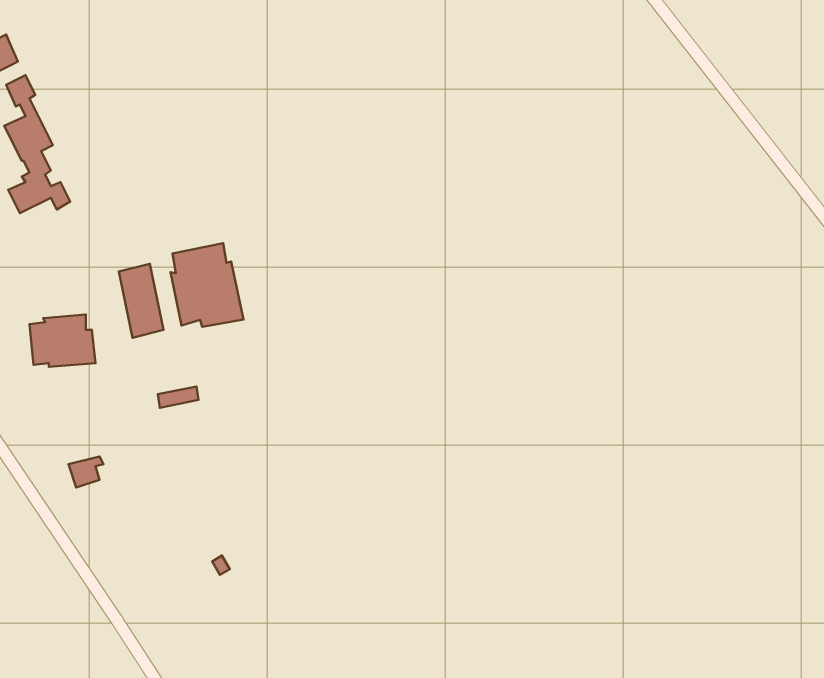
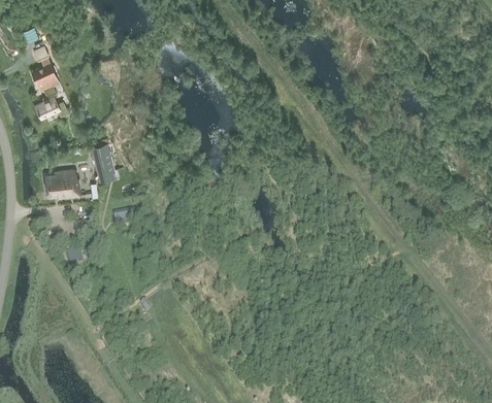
building: [170,243,244,327] -> none

